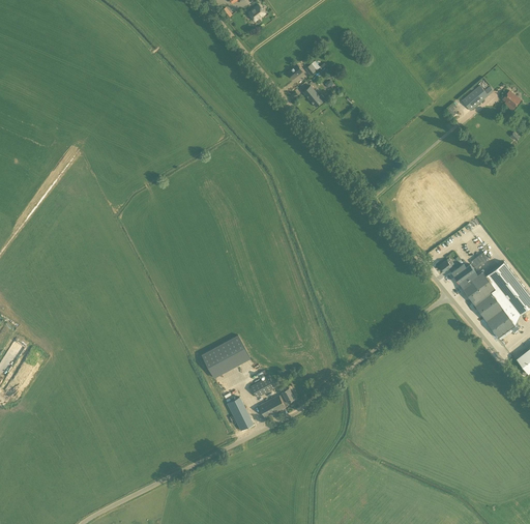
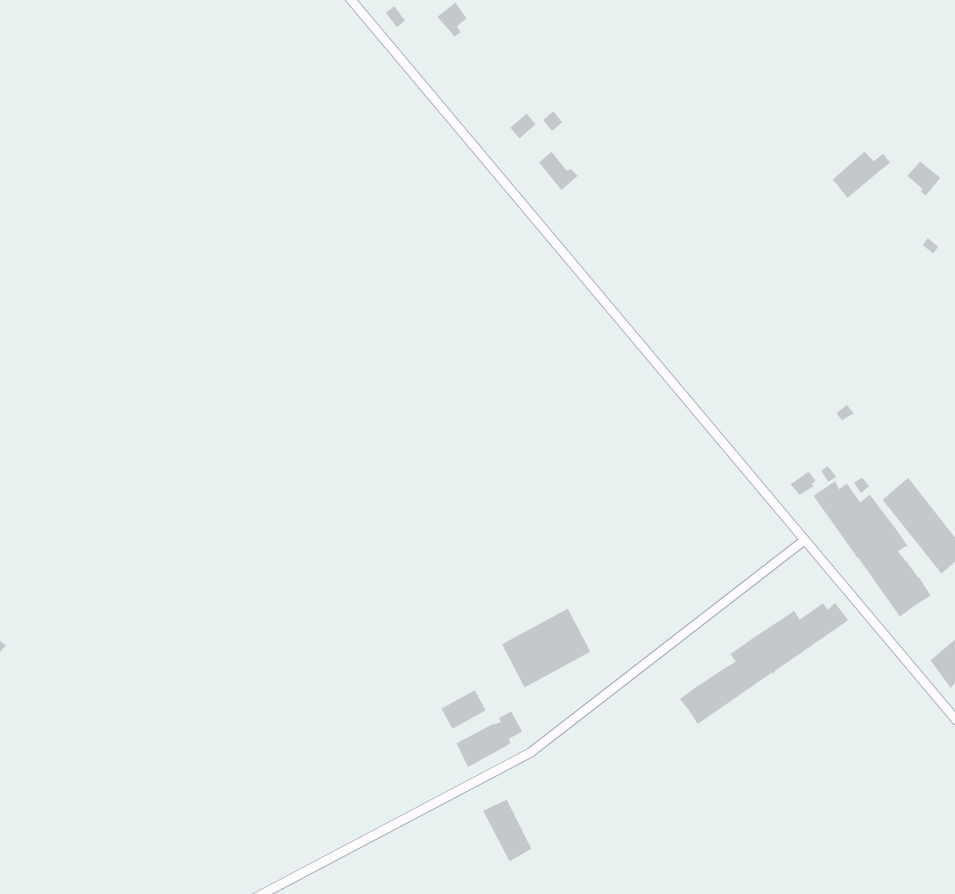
building: none -> [679,602,849,724]
building: [201,334,249,378] -> [501,608,591,688]
building: [226,397,253,431] -> [482,799,532,862]

